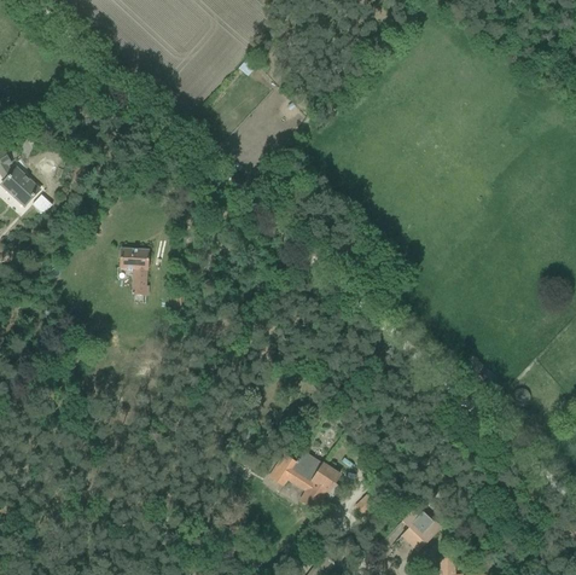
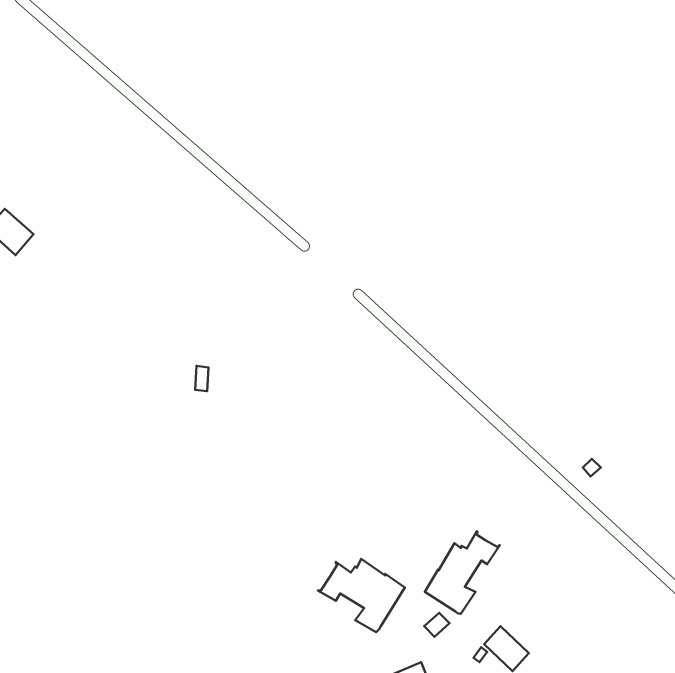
building: [120,249,147,295] -> none
building: none -> [425,531,500,614]

